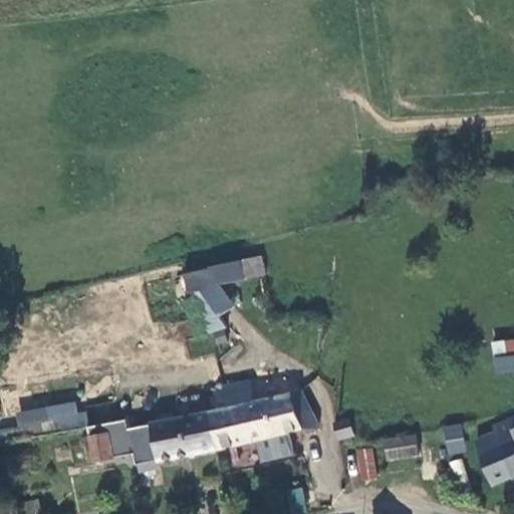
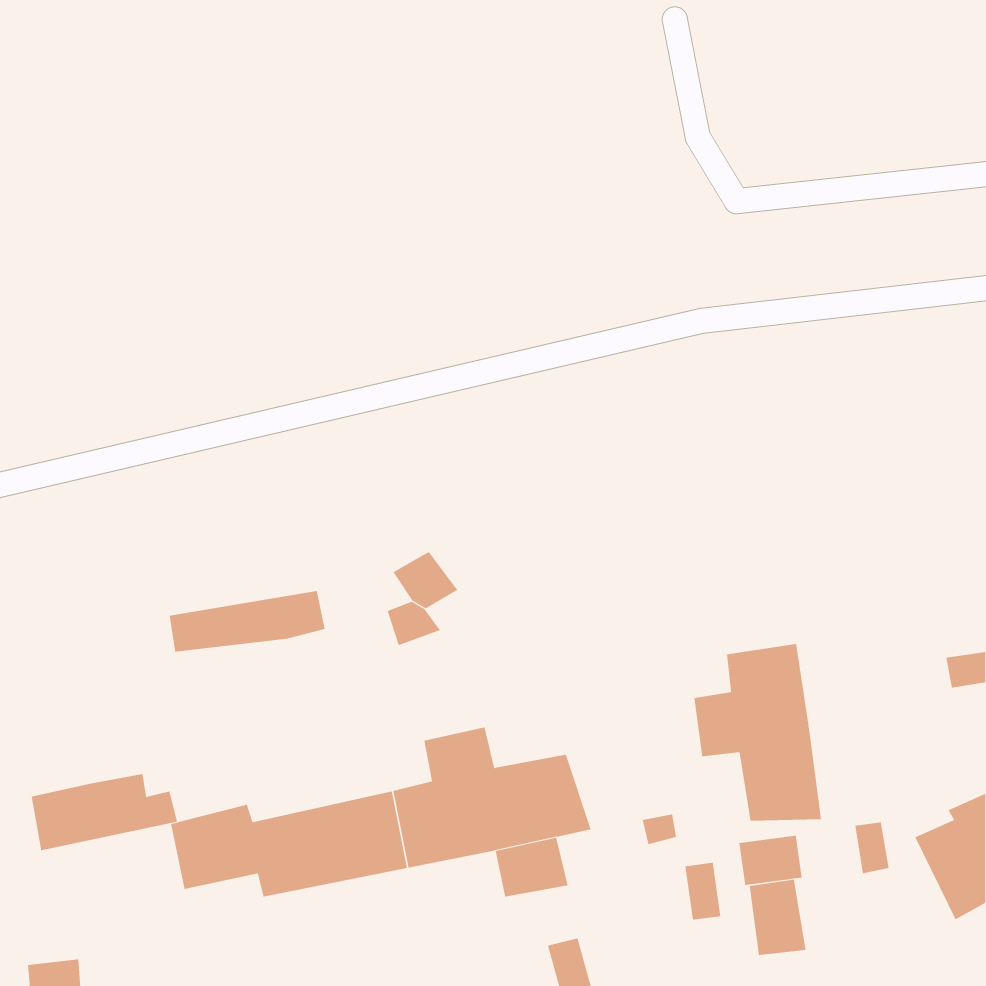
building: [186,256,267,288] -> [169,590,325,652]
building: none -> [694,643,821,821]
building: none -> [749,879,806,956]

